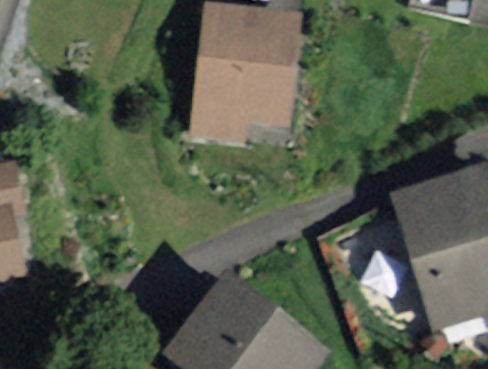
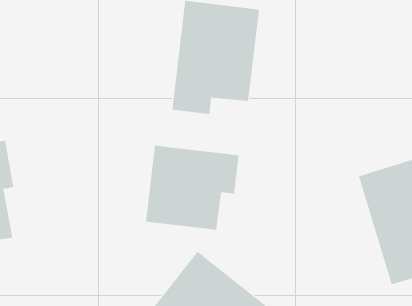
building: none -> [146,145,239,231]

